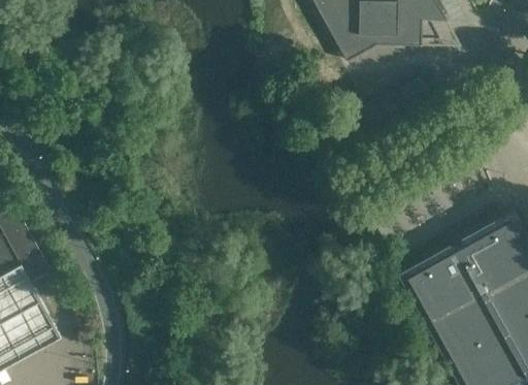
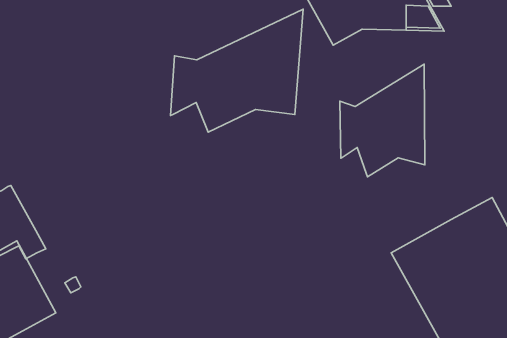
building: none -> [171,9,303,132]
building: none -> [340,64,425,177]

